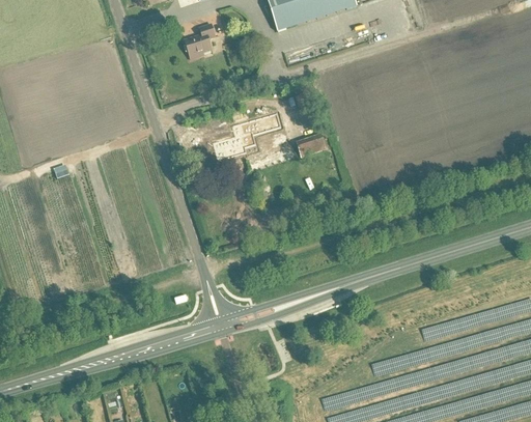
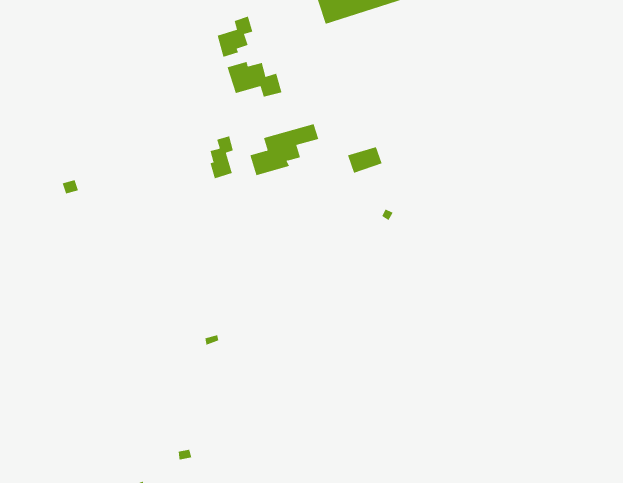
building: none -> [227,61,282,98]
building: none -> [210,136,234,179]

